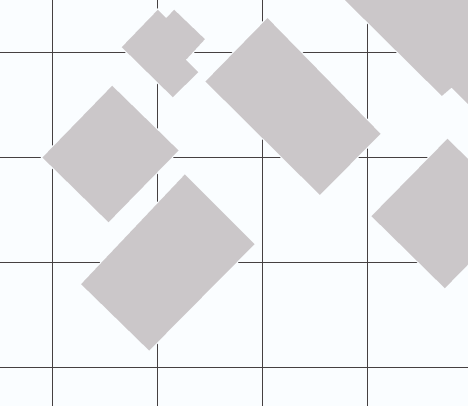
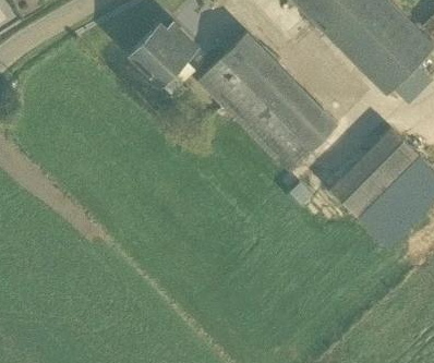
building: [41,85,179,223] -> none
building: [80,174,255,352] -> none

